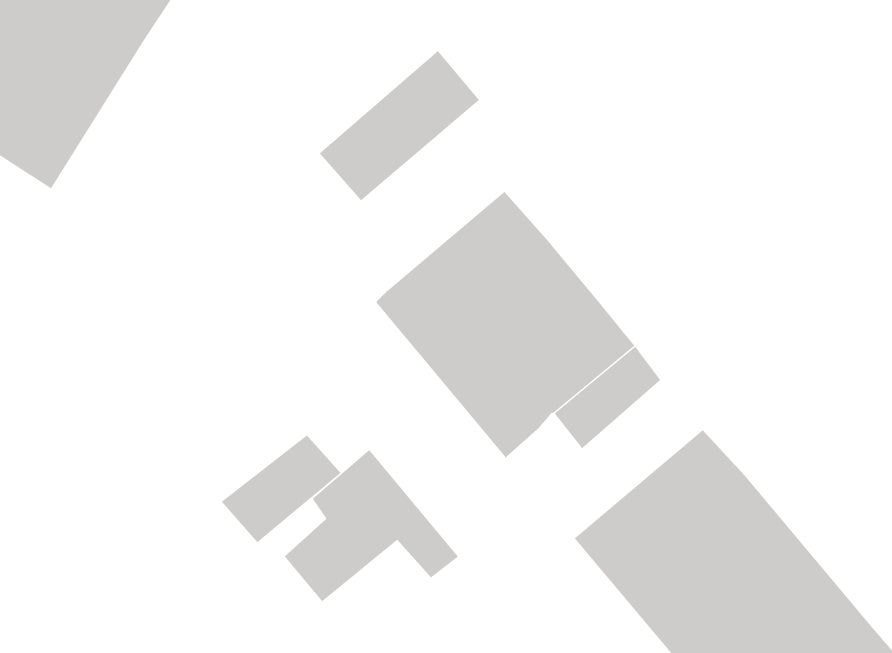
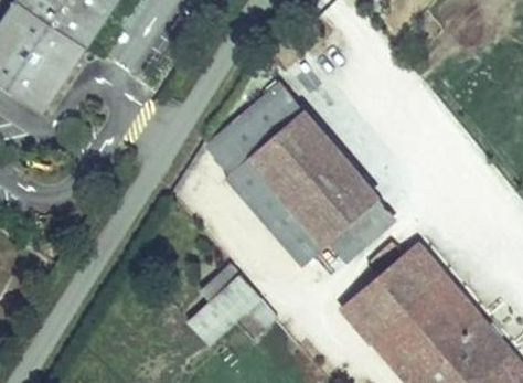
building: [319,50,480,201] -> [213,84,302,168]
building: [221,434,341,543] -> none

